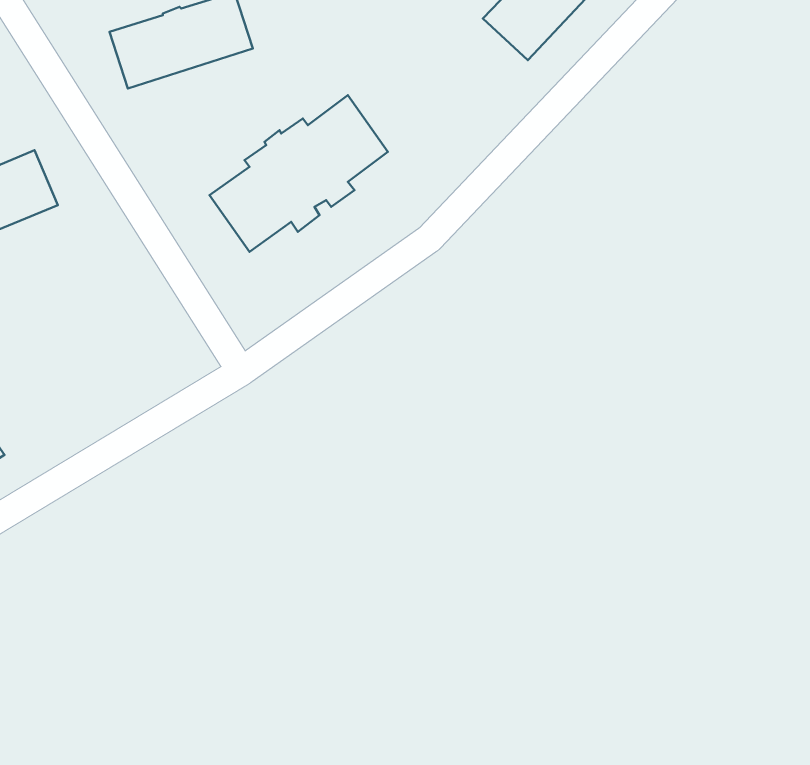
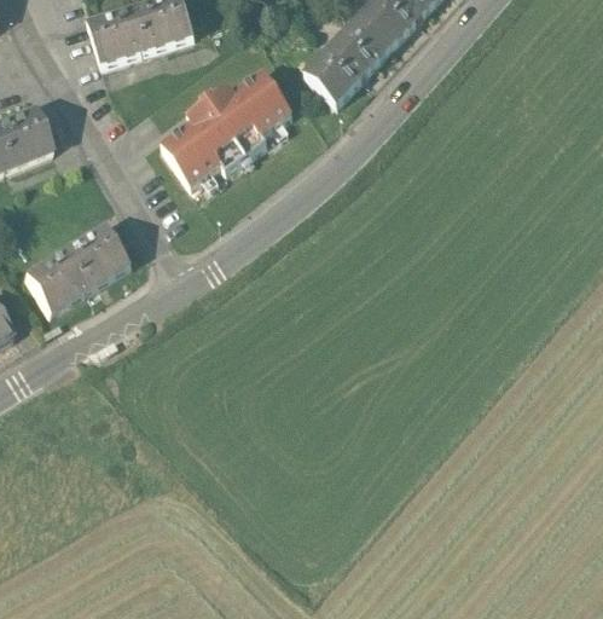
building: none -> [305,15,393,104]
building: none -> [25,220,131,308]

